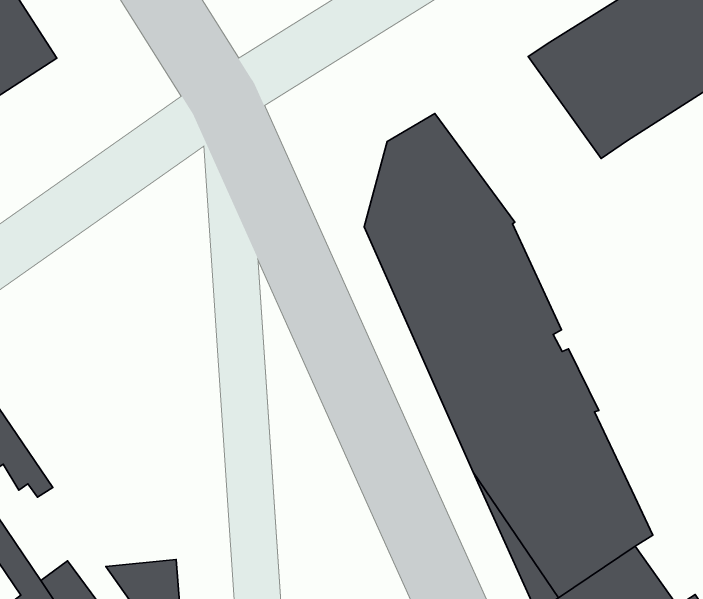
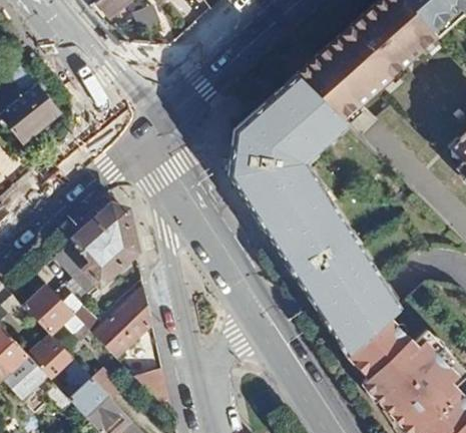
building: none -> [256,74,349,159]
building: none -> [56,206,134,293]
building: none -> [93,288,151,358]

